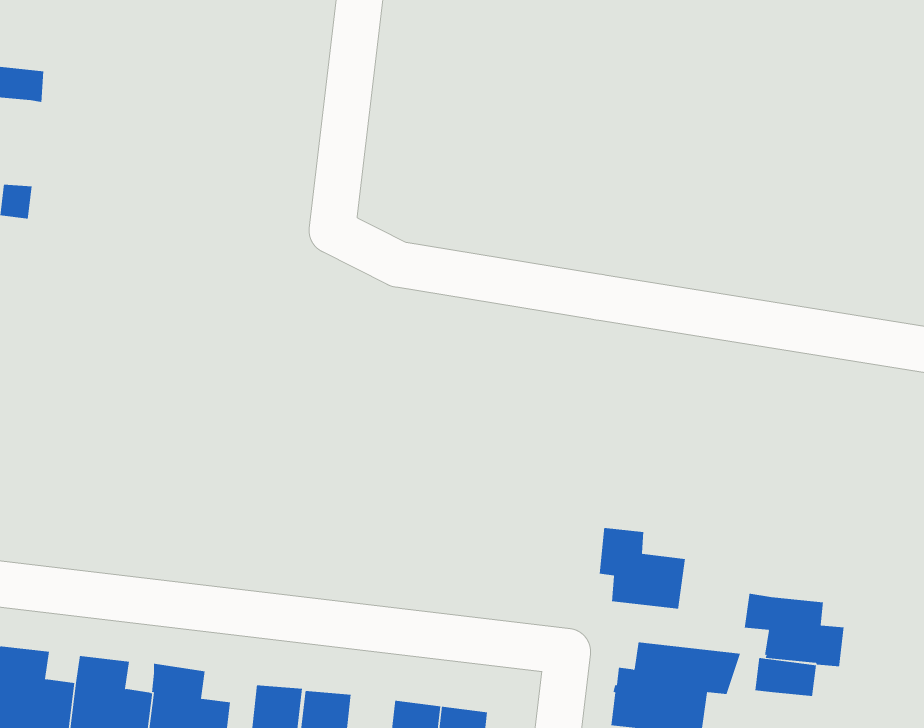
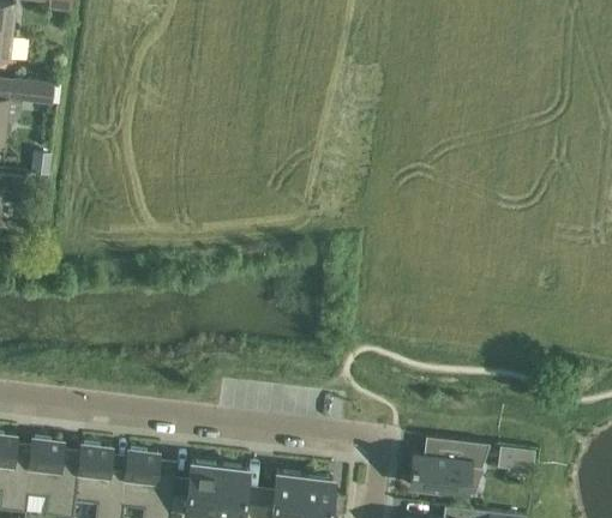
building: [599,527,686,610] -> none
building: [744,593,844,667] -> none

